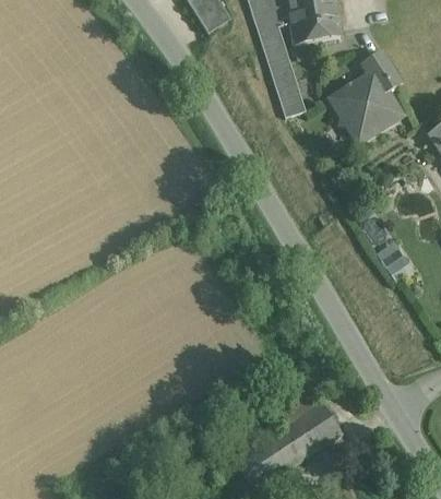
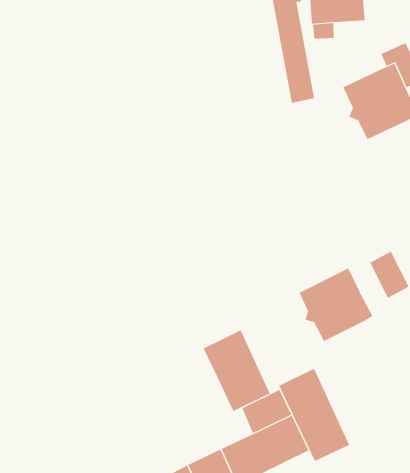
building: none -> [299,267,373,342]
building: none -> [203,329,271,412]
building: none -> [278,368,350,462]

